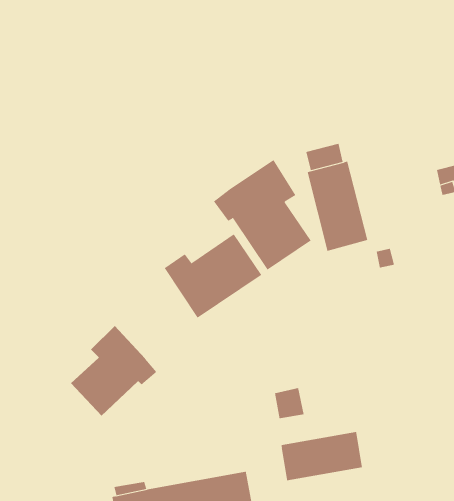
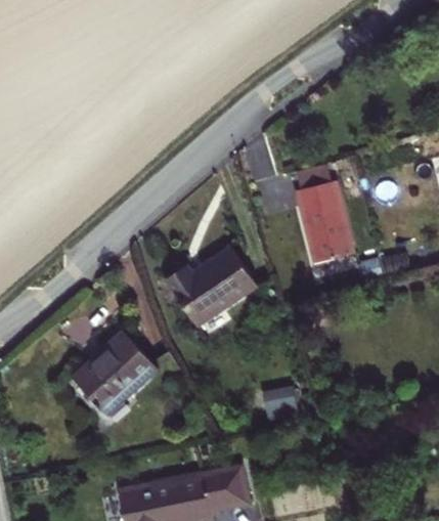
building: [213,159,311,270] -> none
building: [281,431,362,481] -> none

